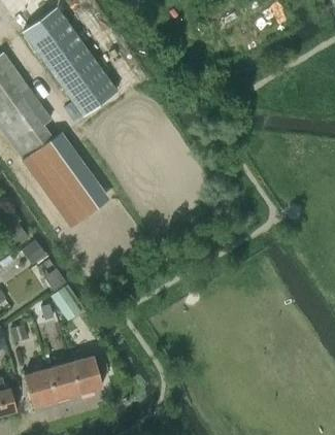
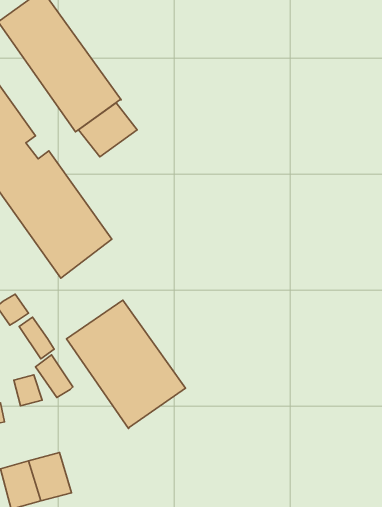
building: none -> [79,103,137,157]
building: none -> [66,300,186,428]
building: [70,356,103,394] -> none

